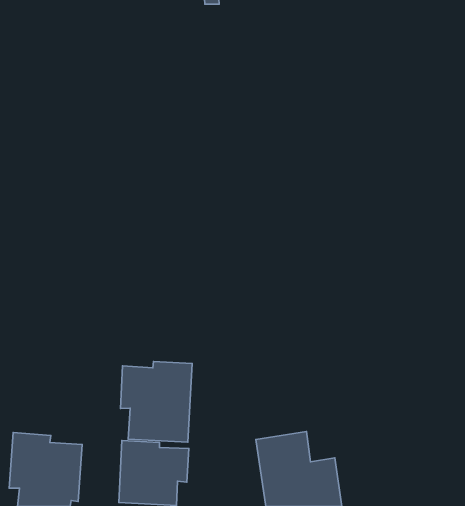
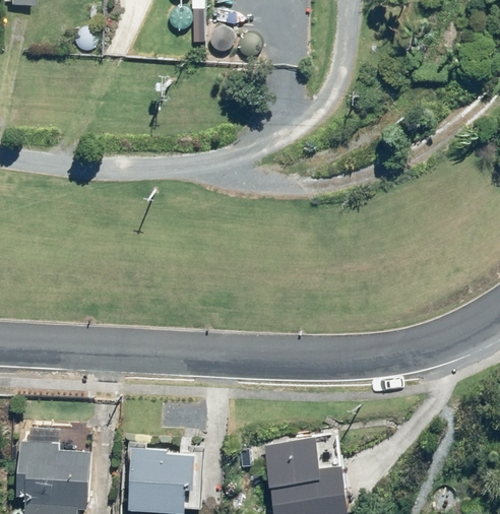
building: [121,362,192,442] -> none

